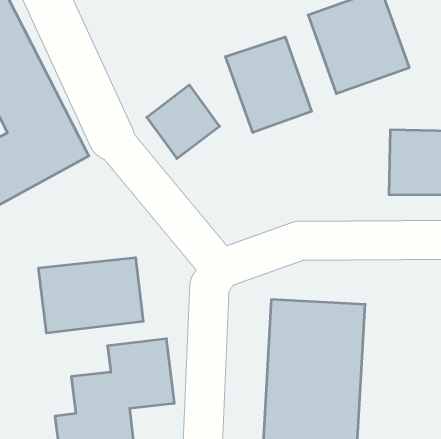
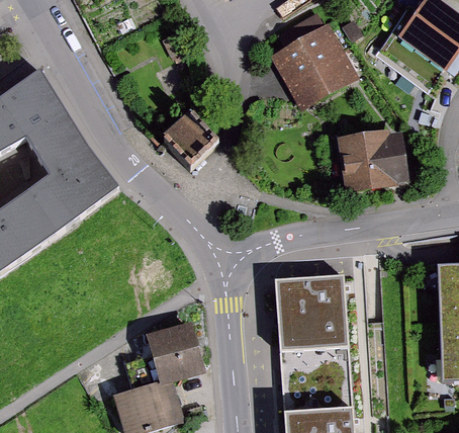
building: [226,37,312,133] -> none
building: [39,258,143,333] -> none

